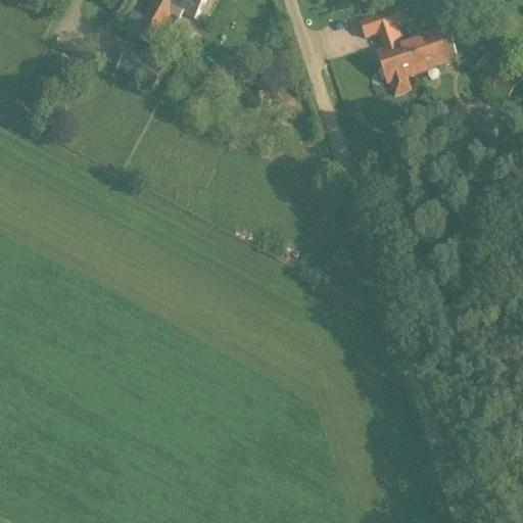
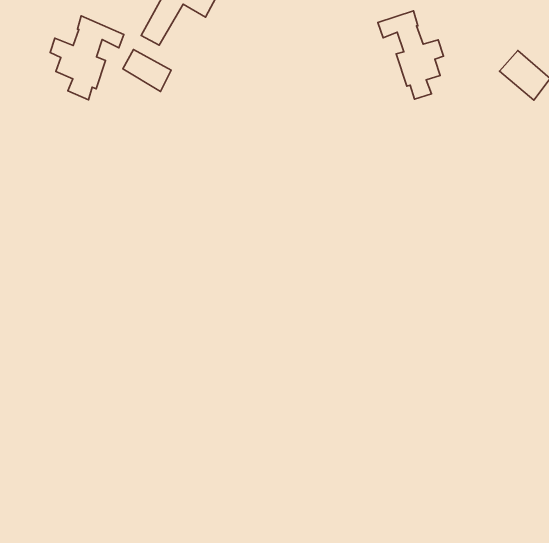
building: none -> [50,16,124,100]
building: [414,25,457,72] -> none

